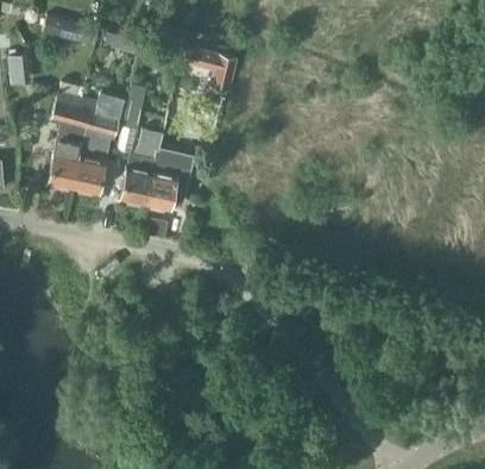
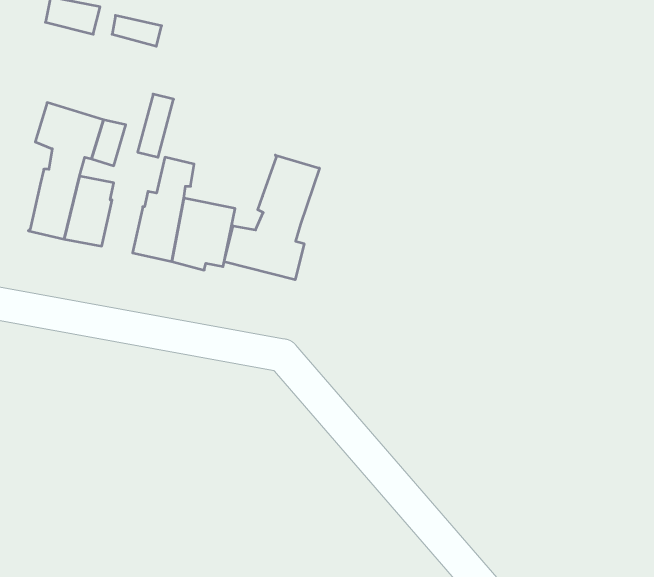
building: [182,48,237,93] -> none
building: none -> [224,155,319,280]

